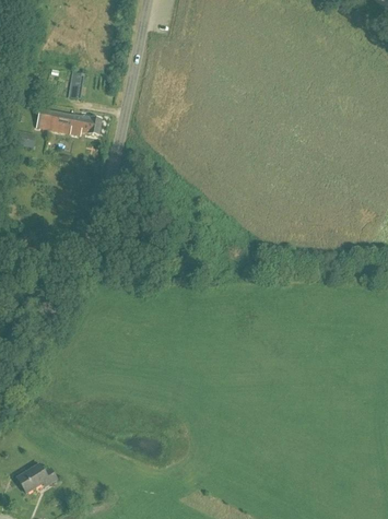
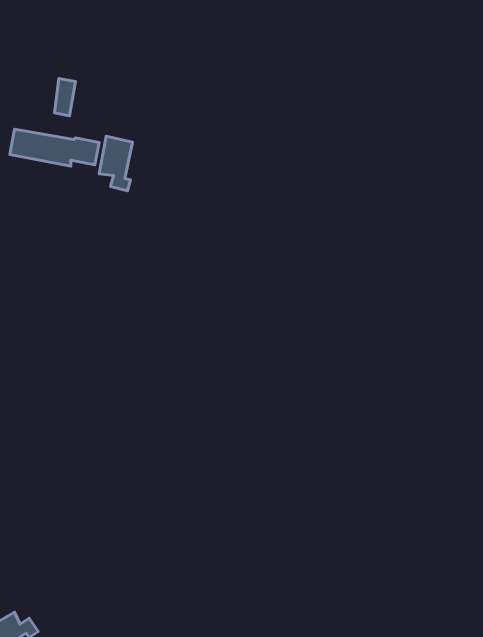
building: none -> [99,136,132,191]

